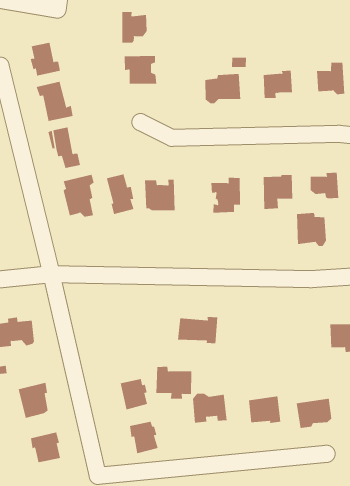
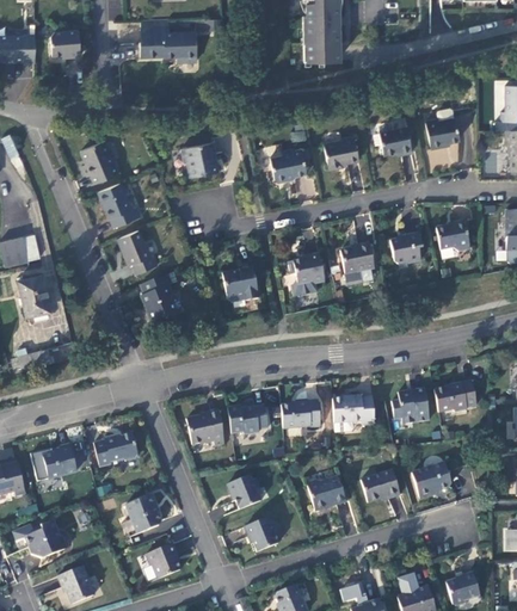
building: [122,11,147,44] -> none
building: [106,174,134,215] -> none
building: [296,212,326,247] -> none
building: none -> [189,408,224,444]
building: none -> [331,393,374,431]
building: none -> [392,389,430,425]
building: [156,366,192,399] -> [227,405,267,438]

